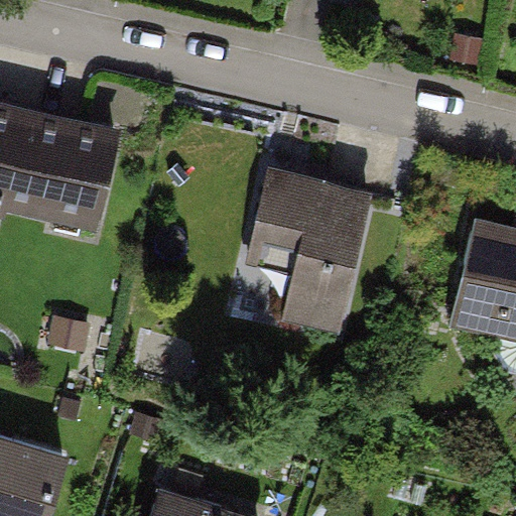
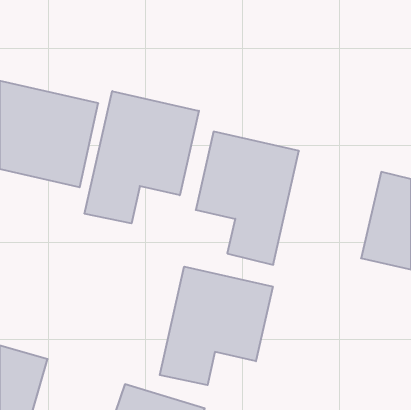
building: none -> [85,91,199,223]
building: none -> [160,267,273,385]

